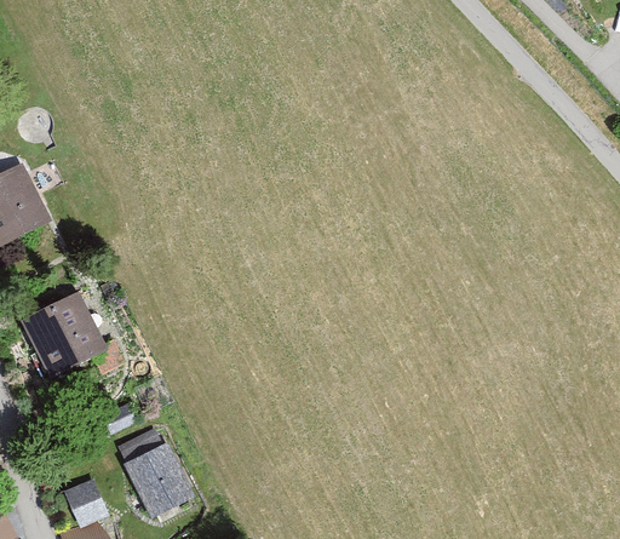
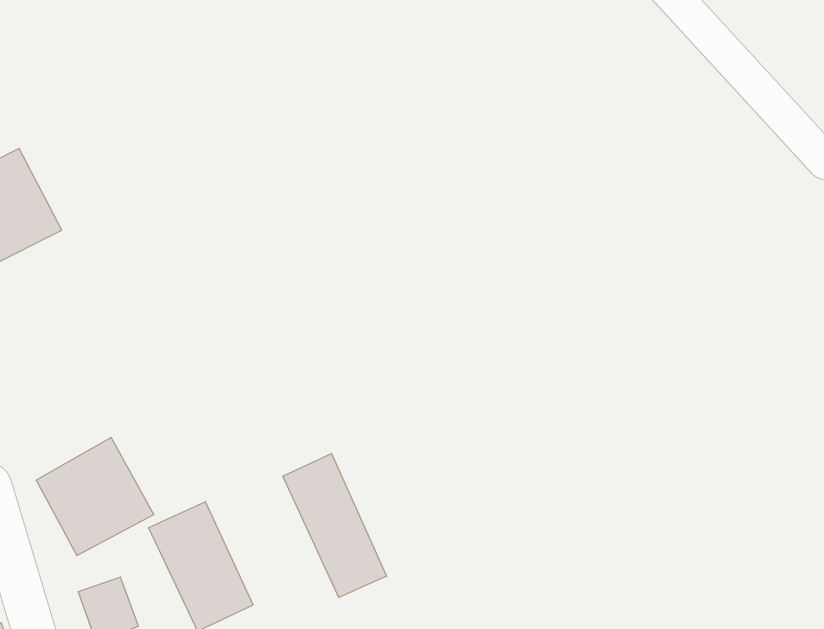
building: [28,291,115,378] -> [36,438,154,555]
building: none -> [283,453,387,598]

